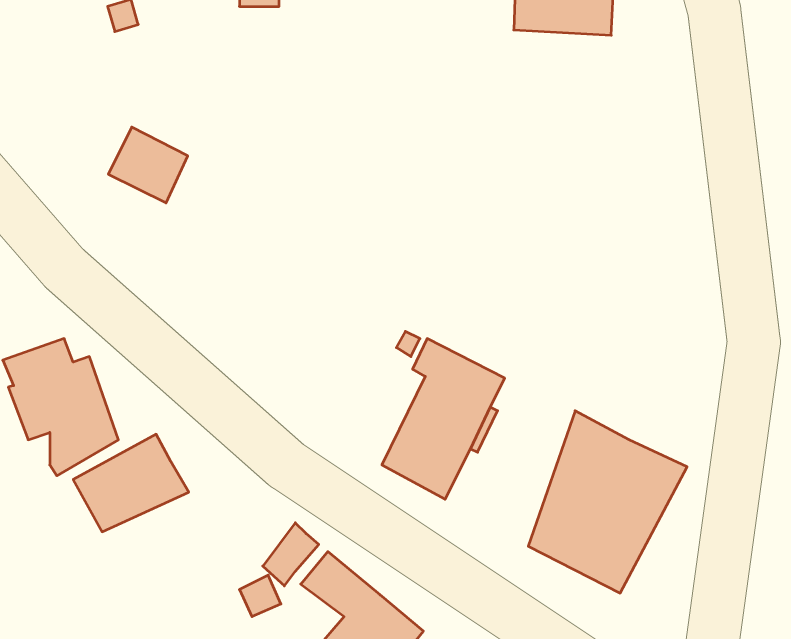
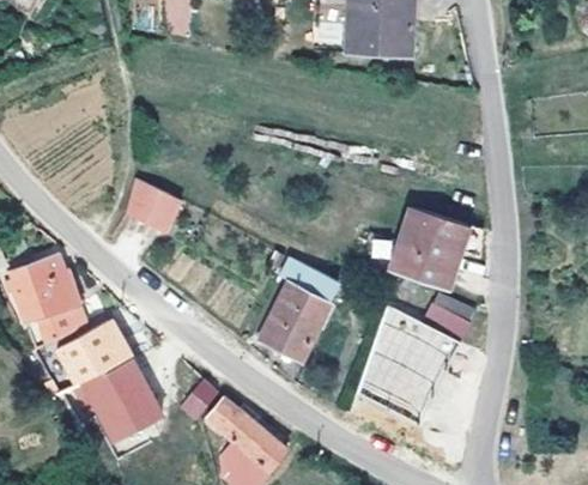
building: [108,127,188,203] -> [126,180,178,230]
building: none -> [390,206,468,290]
building: none -> [424,293,475,340]
building: none -> [71,357,163,441]

